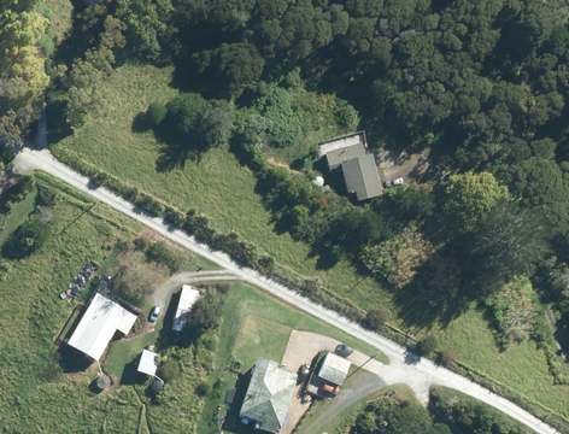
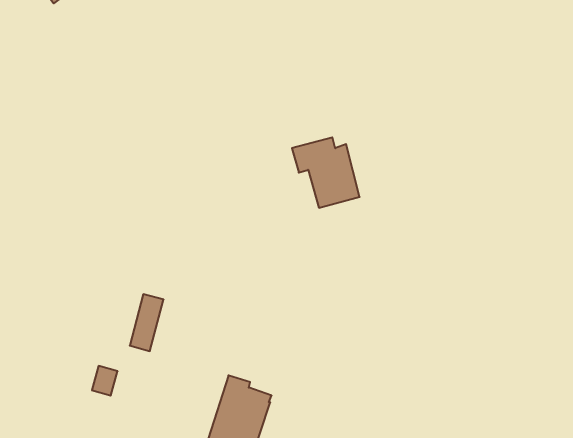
building: [68,292,137,359] -> none
building: [319,352,351,383] -> none

